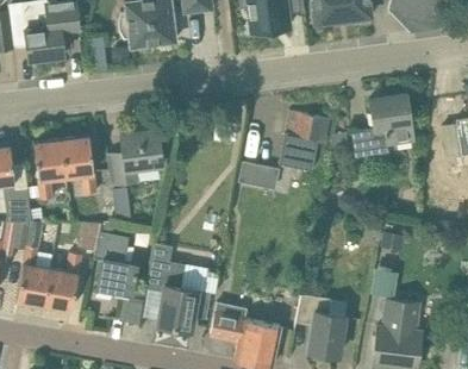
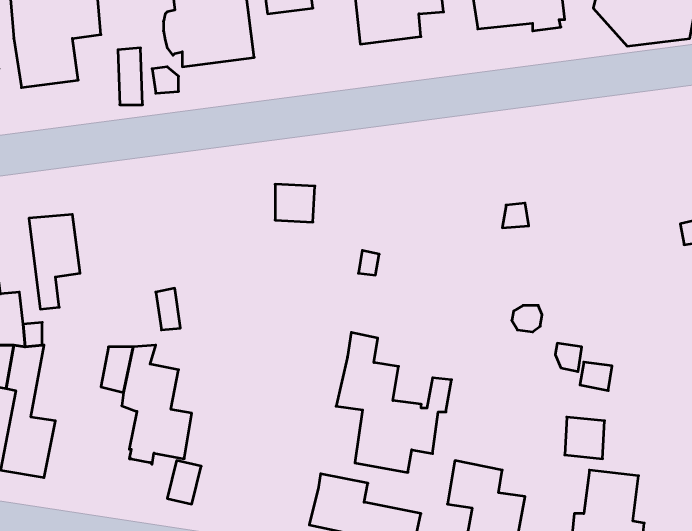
building: [351,94,414,158] -> none
building: [276,112,329,171] -> none
building: [108,127,162,187] -> none
building: [61,137,96,195] -> none
building: [145,244,218,332] -> [336,332,452,472]
building: [43,255,81,311] -> none

